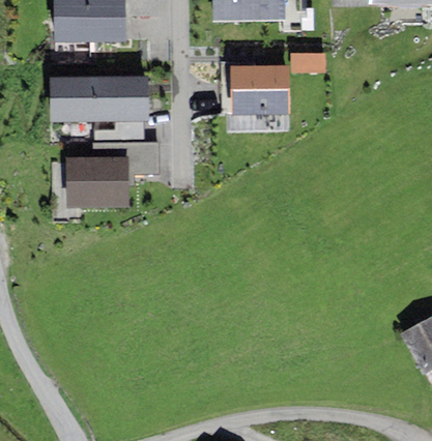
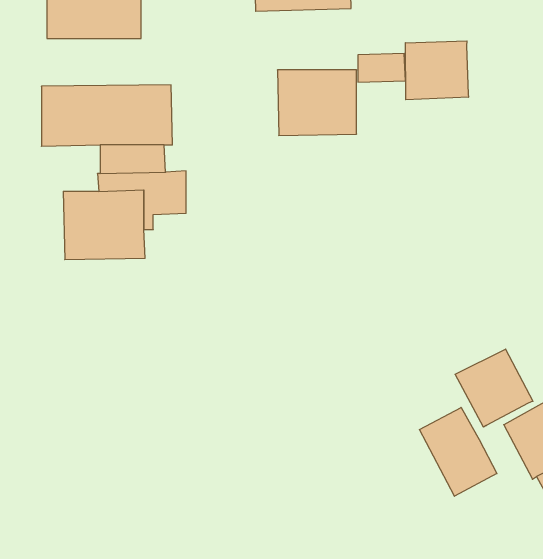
building: none -> [405,41,468,100]
building: none -> [455,349,533,427]
building: none -> [419,407,497,496]

